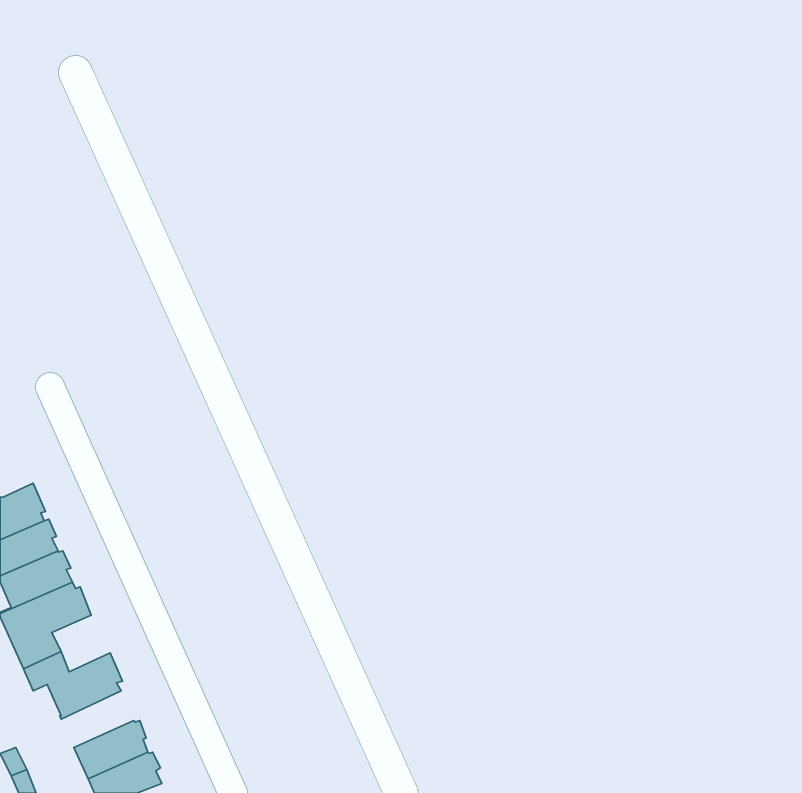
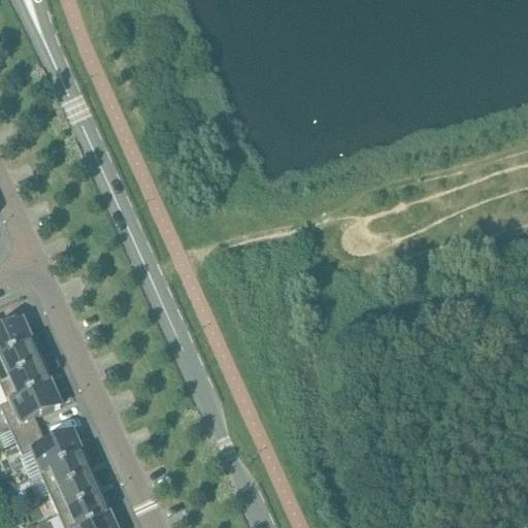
building: none -> [41,452,89,490]

